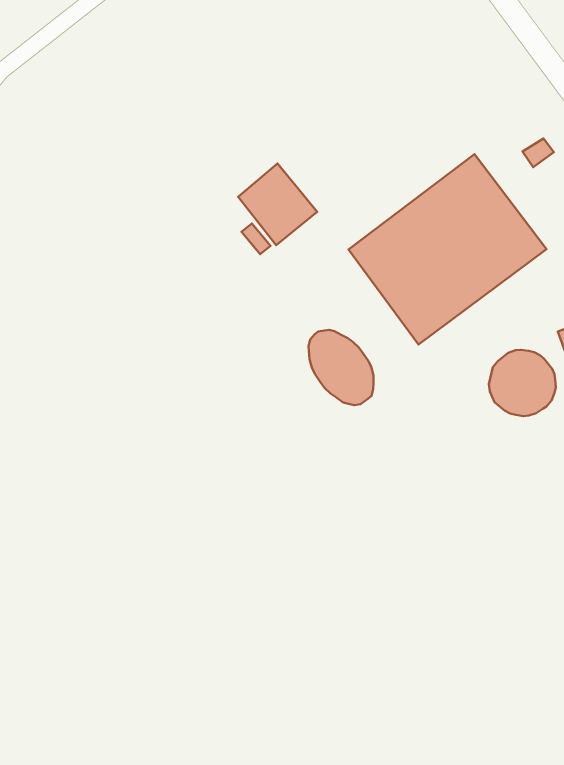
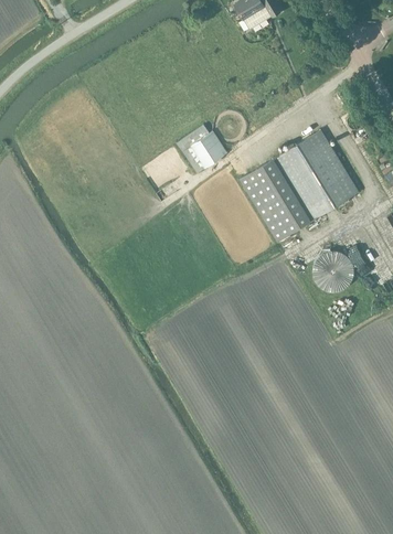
building: [309,330,374,405] -> none

